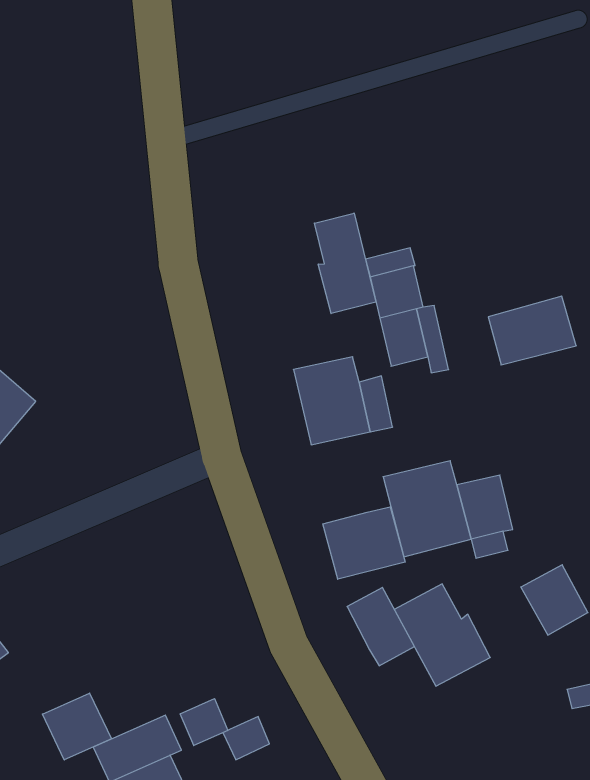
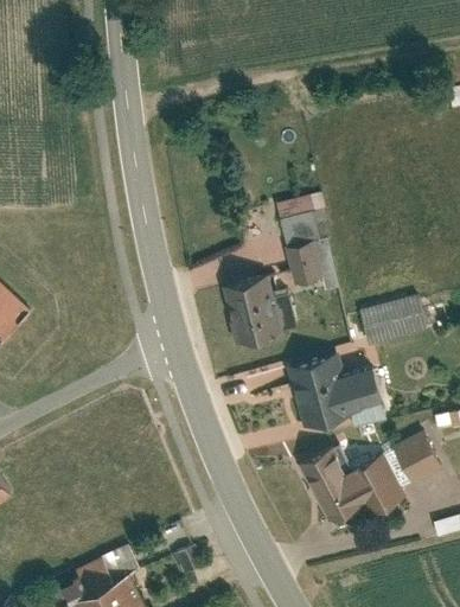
building: [314,213,376,314] -> none
building: [488,296,576,365] -> [360,294,426,345]
building: [323,507,405,579] -> none
building: [347,587,414,666] -> [351,454,401,512]
building: [42,693,111,760] -> none
building: [180,699,228,746] -> none

